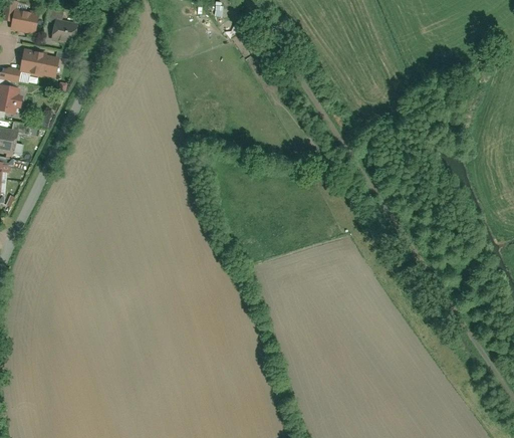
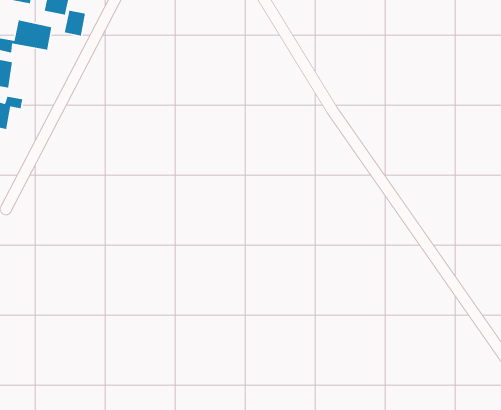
building: none -> [64,10,86,37]

